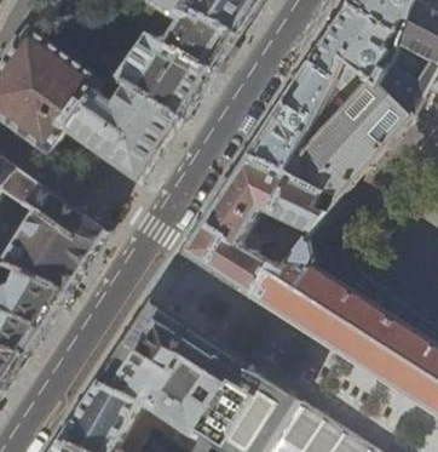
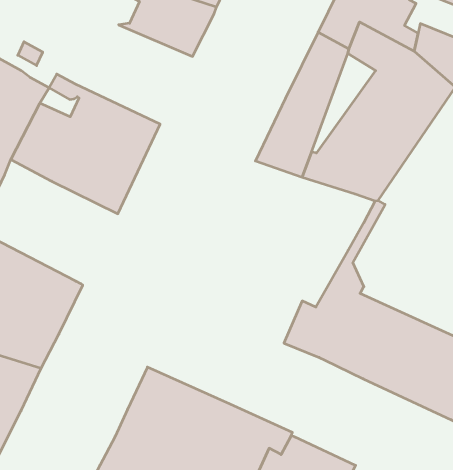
building: [119,32,211,116] -> none
building: [183,154,324,296] -> none

